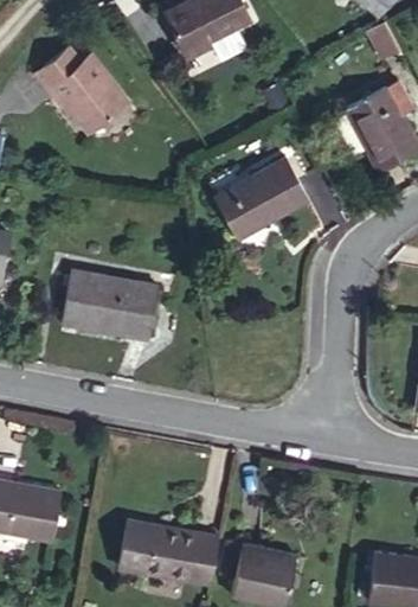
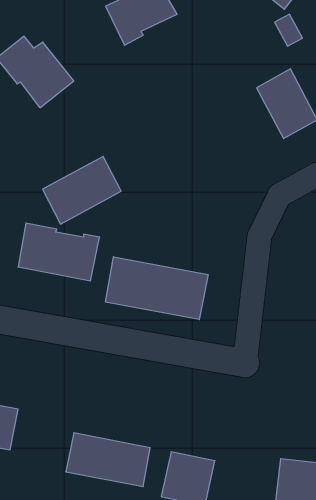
building: [214,156,308,237] -> [43,156,121,224]
building: none -> [106,257,208,320]

